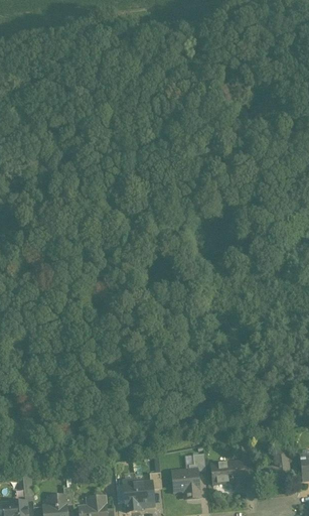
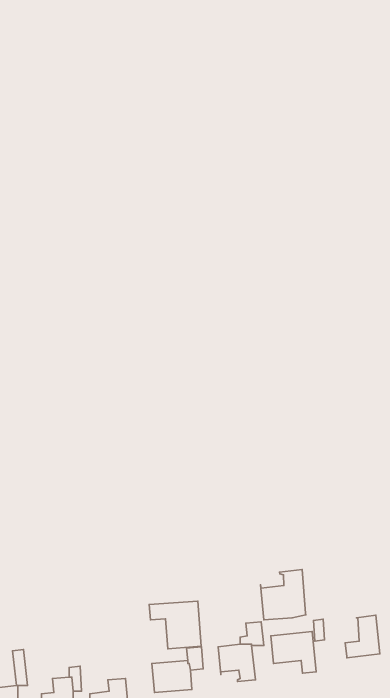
building: none -> [260,569,306,620]
building: none -> [149,601,201,649]

